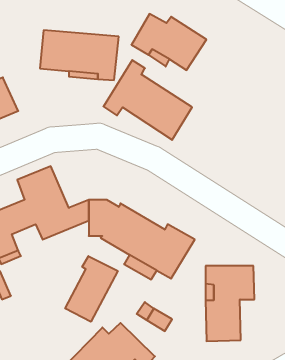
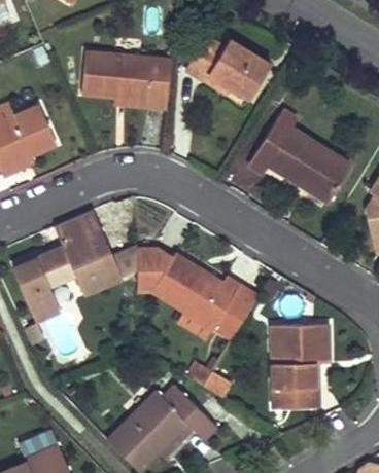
building: [103,60,192,140] -> [252,109,353,199]
building: [65,256,118,322] -> none

